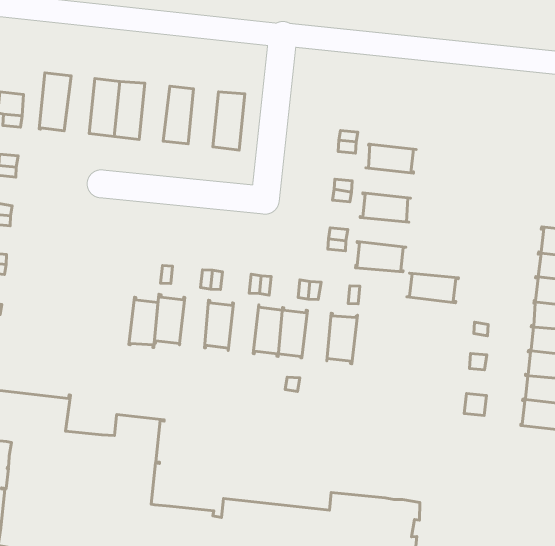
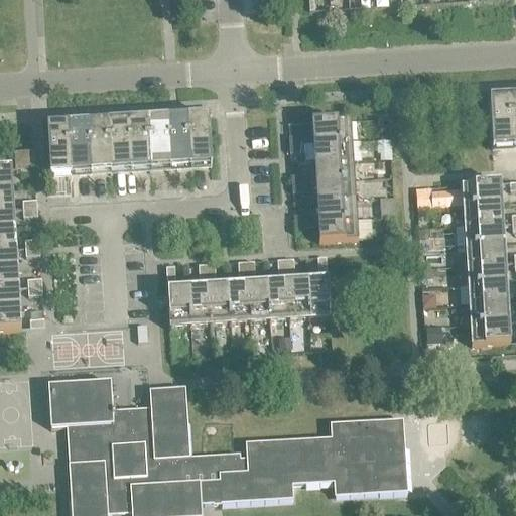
building: none -> [69,124,91,169]
building: none -> [128,120,150,166]
building: none -> [167,118,190,163]
building: none -> [311,116,352,139]
building: none -> [314,156,354,178]
building: [407,273,458,303] -> [316,196,357,218]
building: [129,297,158,348] -> [188,284,211,324]
building: none -> [228,281,250,321]
building: none -> [287,278,309,317]

